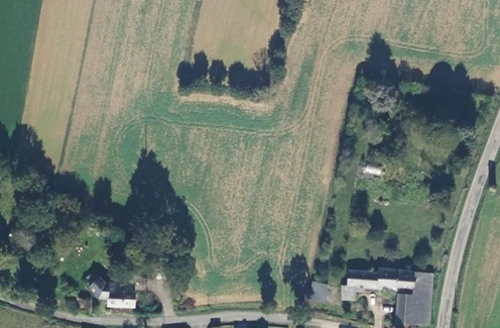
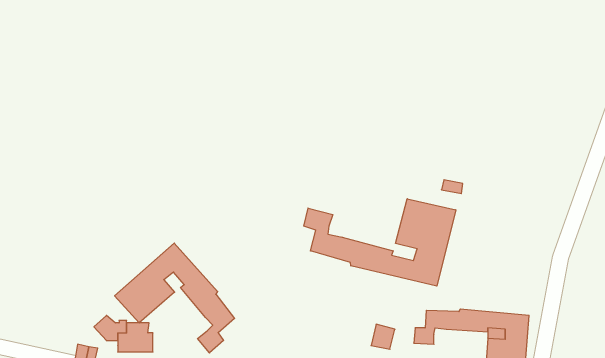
building: none -> [304,199,456,286]
building: none -> [115,243,235,353]

